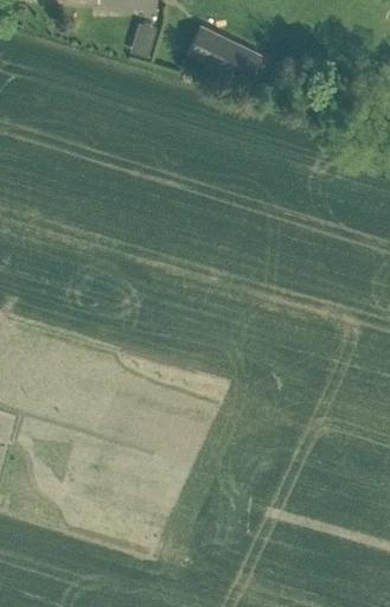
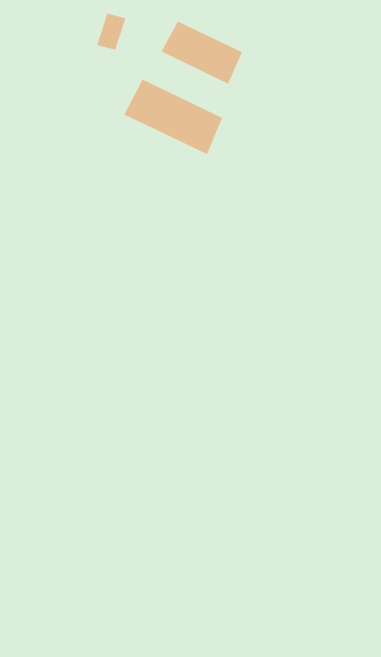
building: none -> [123,79,223,155]

